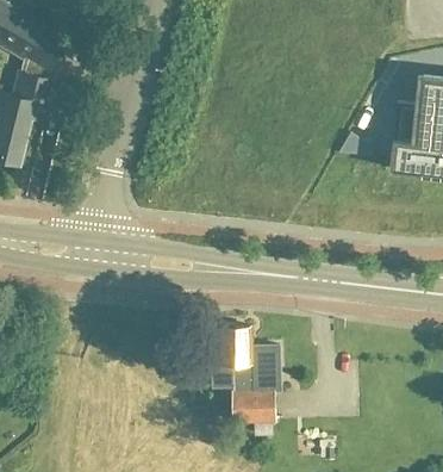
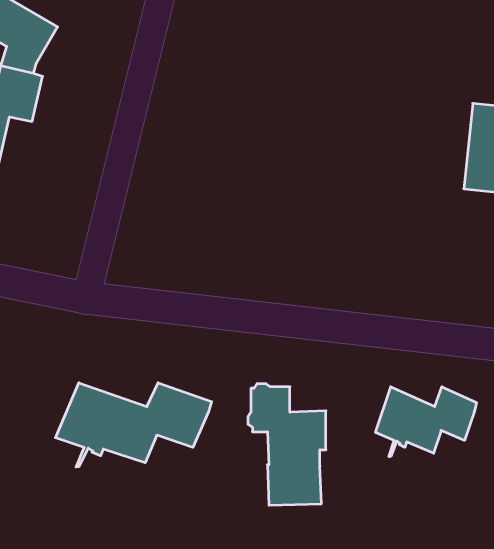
building: none -> [55,383,212,467]
building: none -> [376,387,477,457]

